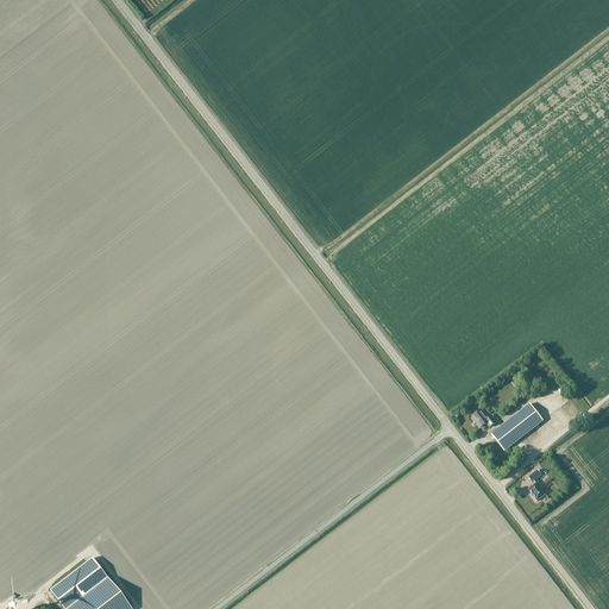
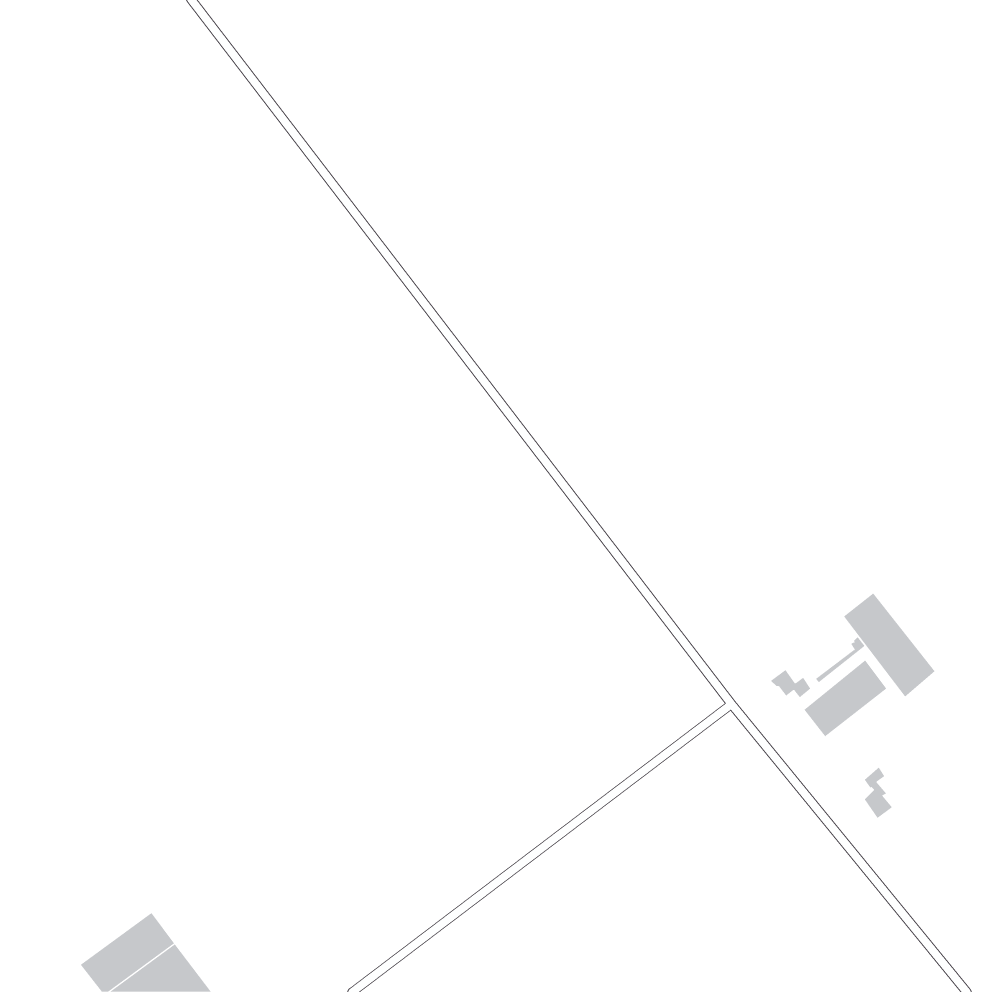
building: none -> [843,592,936,697]

